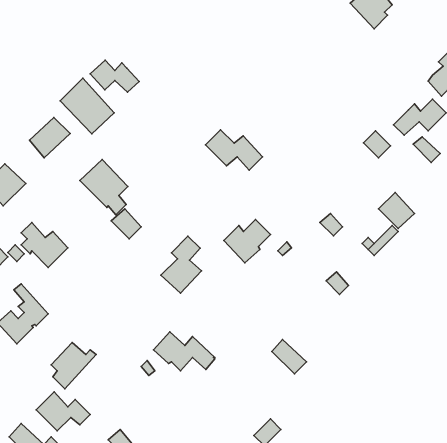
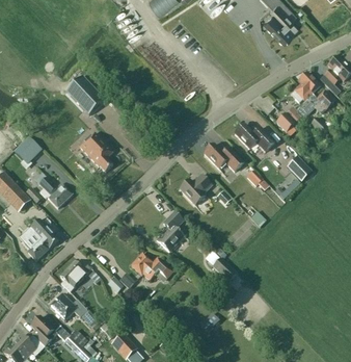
building: [90,60,139,92] -> none
building: none -> [290,72,318,103]
building: [29,118,70,158] -> none
building: [205,130,263,170] -> [203,144,242,172]
building: none -> [234,124,273,152]
building: [161,236,202,293] -> [155,212,183,252]

